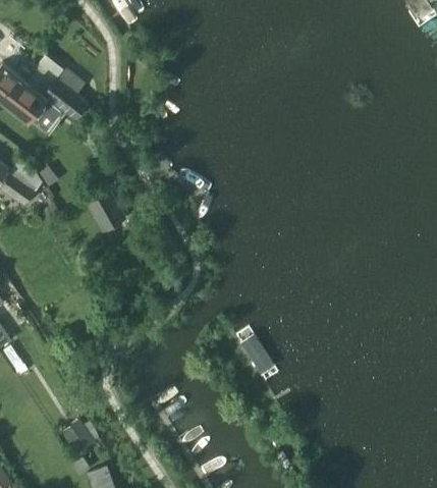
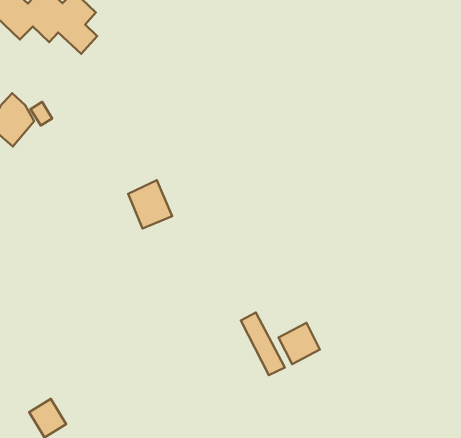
building: [88,189,127,232] -> [128,180,172,229]
building: none -> [279,323,320,364]

